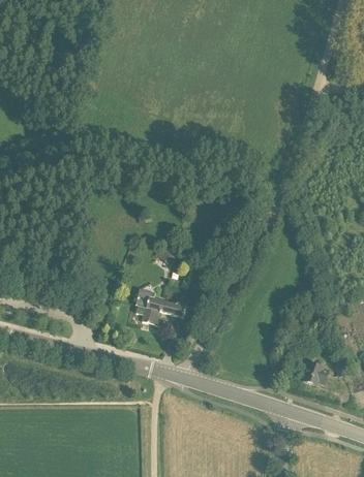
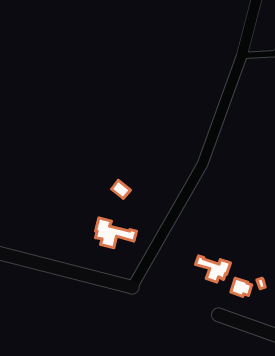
building: none -> [196,256,230,282]

